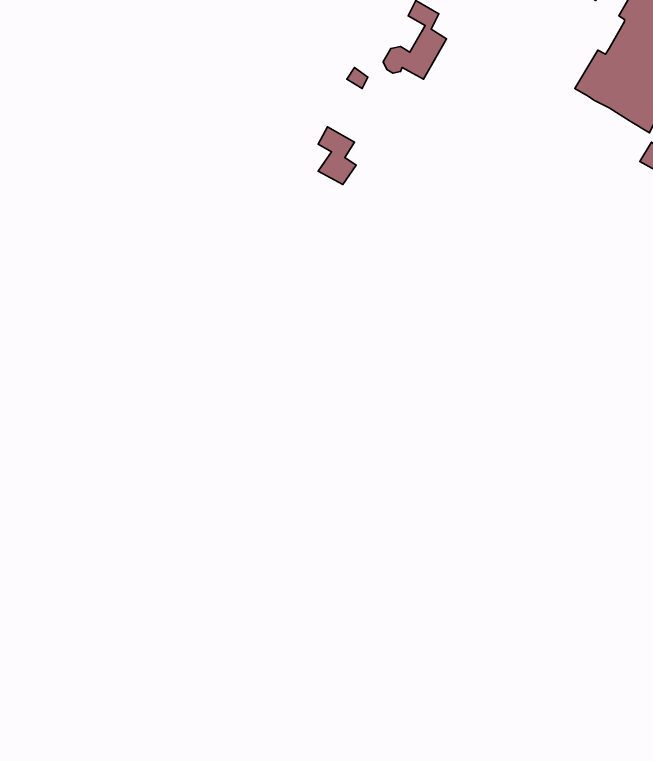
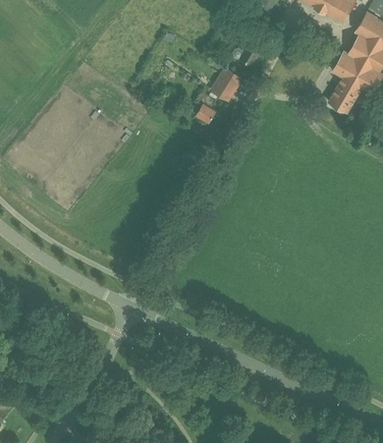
building: none -> [212,68,240,101]
building: none -> [328,77,362,113]

